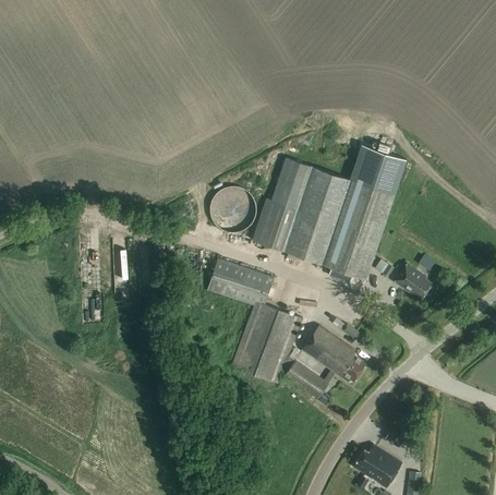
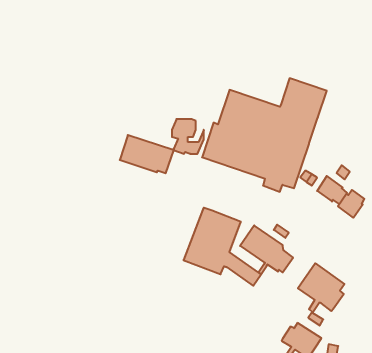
building: [208,258,275,305] -> [120,135,174,173]
building: none -> [338,190,364,218]
building: none -> [298,263,344,312]

